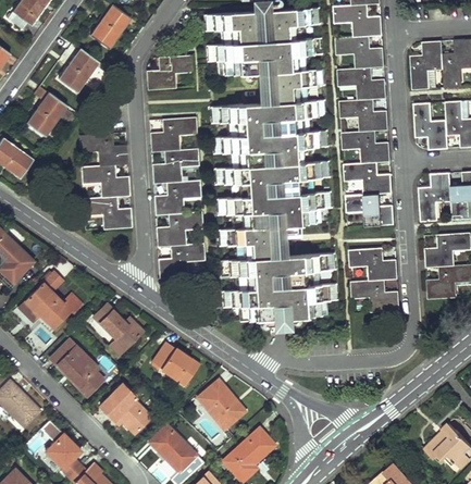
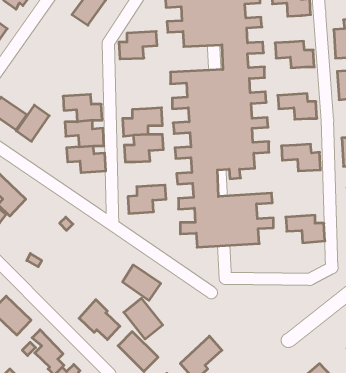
building: [336,36,384,69] -> none
building: [59,47,99,90] -> none
building: [26,91,66,136] -> [16,105,49,141]
building: [340,99,388,133] -> none
building: [150,117,198,152] -> none
building: [344,162,392,195] -> none
building: [156,213,203,247] -> none
building: [349,249,397,282] -> none
building: [17,272,82,328] -> none
building: [92,302,141,348] -> none
building: [50,339,102,395] -> none
building: [196,378,244,429] -> [124,298,163,339]

